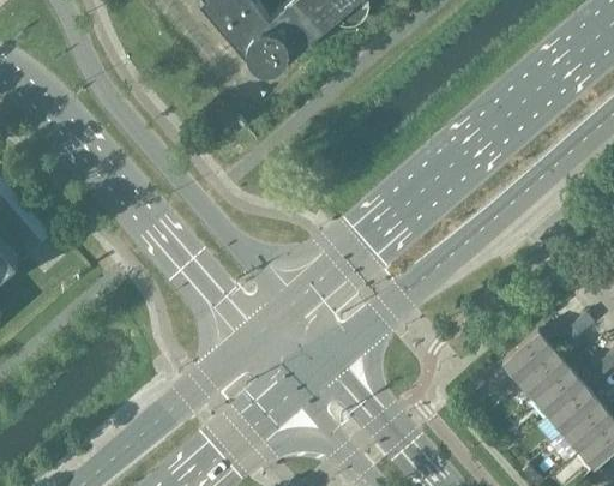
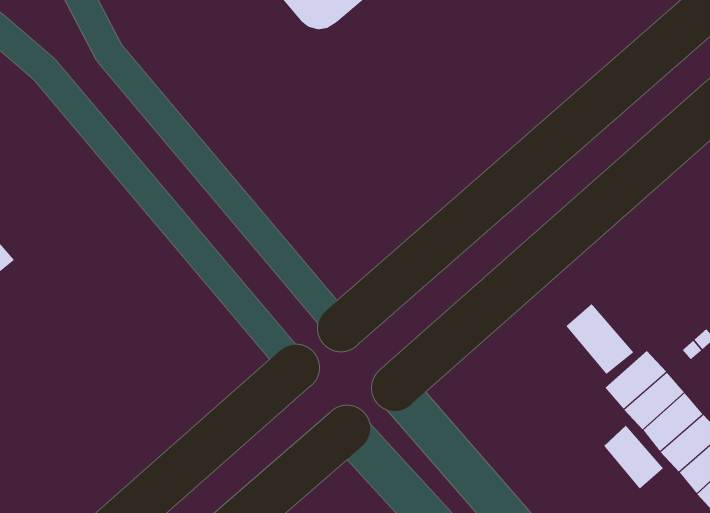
building: none -> [566,303,634,375]
building: none -> [603,425,664,489]

